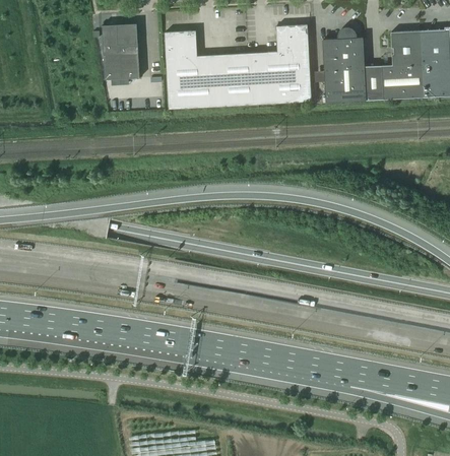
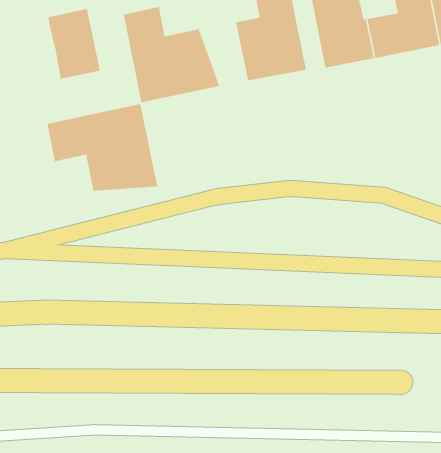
building: [227,53,260,105] -> none
building: none -> [46,103,158,191]

